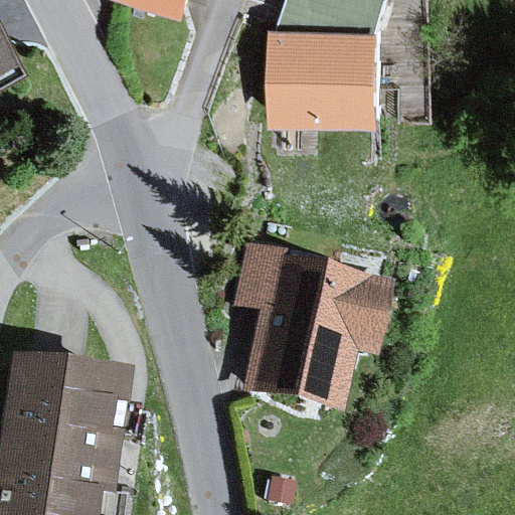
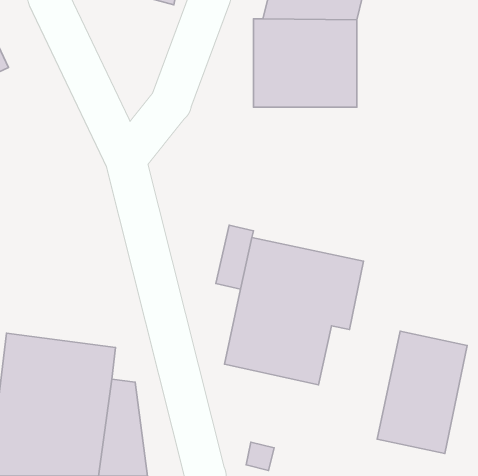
building: none -> [377,331,467,453]

